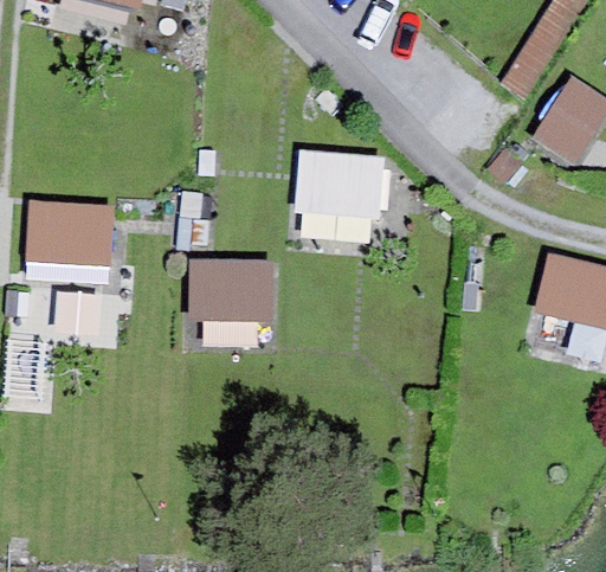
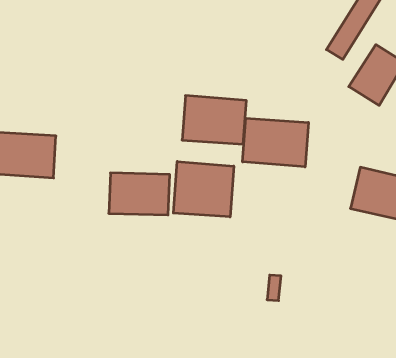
building: none -> [243,118,308,167]
building: none -> [173,161,234,217]

